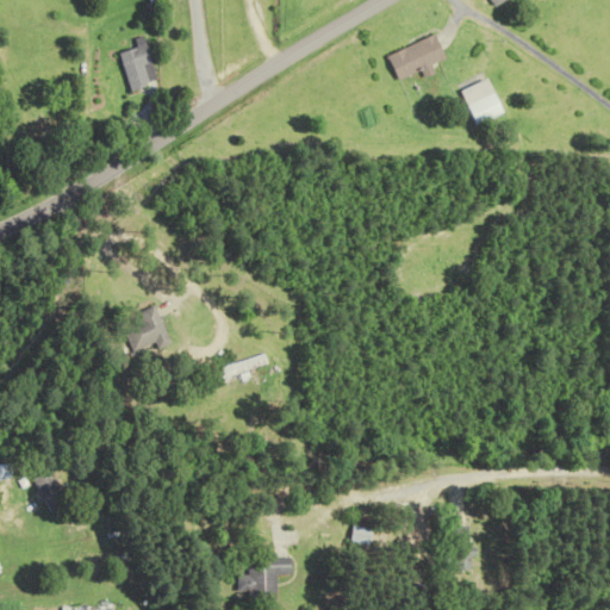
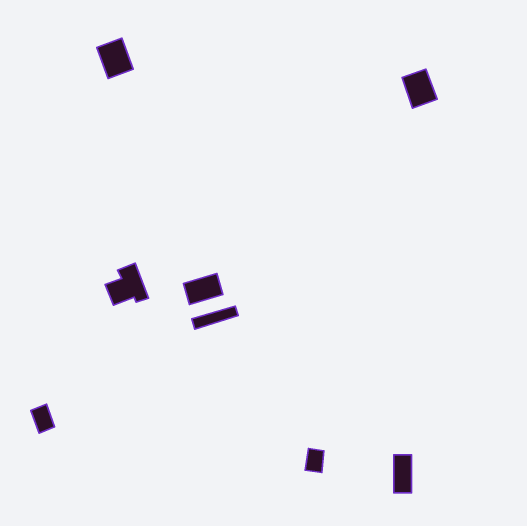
building: [390,35,448,81] -> none
building: none -> [183,273,223,305]
building: [238,558,291,600] -> none

